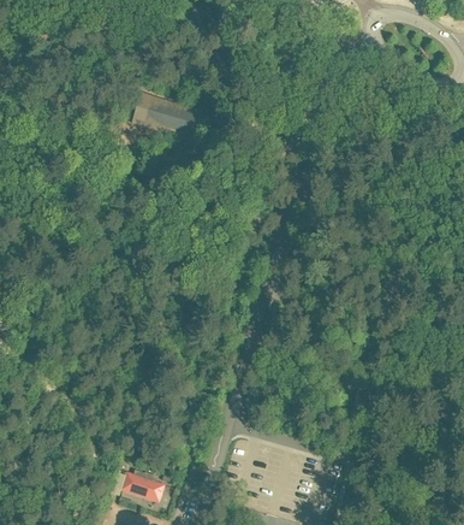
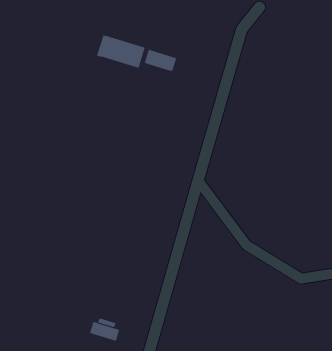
building: none -> [144,49,177,72]

